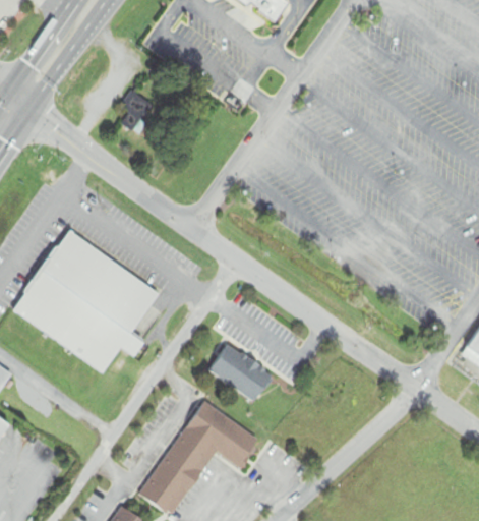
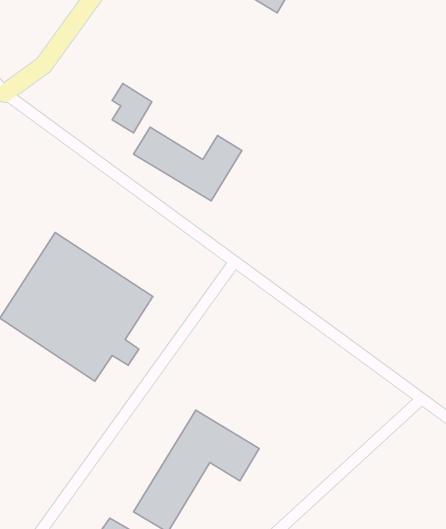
building: none -> [133,127,242,201]
building: [207,342,275,404] -> none

